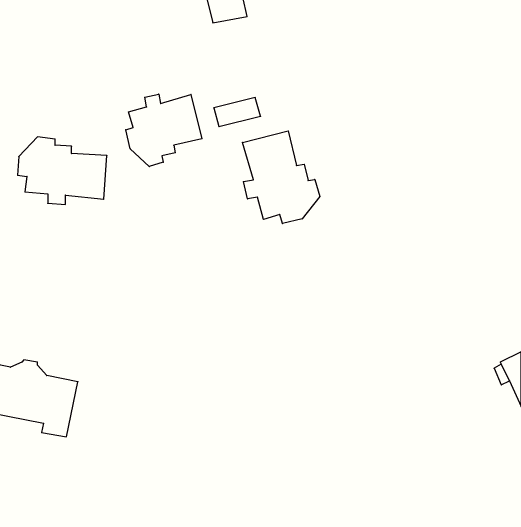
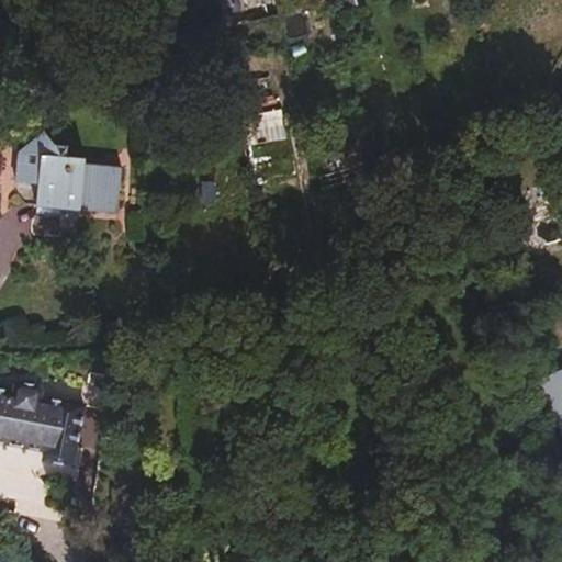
building: [126,94,202,167] -> none
building: [242,131,320,224] -> none

